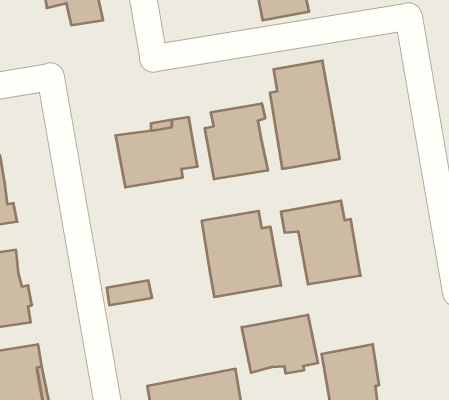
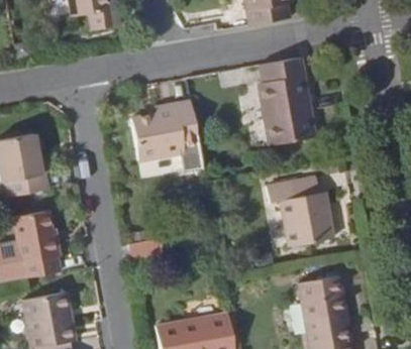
building: [205,103,268,179] -> none
building: [202,211,281,297] -> none
building: [242,315,318,373] -> none

